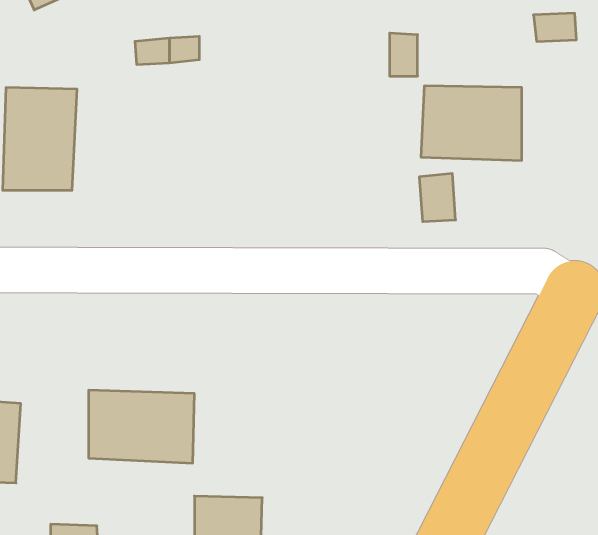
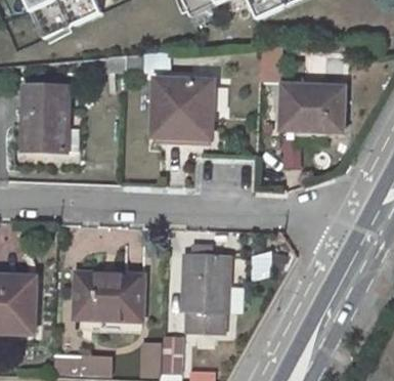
building: none -> [154,77,213,135]
building: none -> [182,253,227,332]

